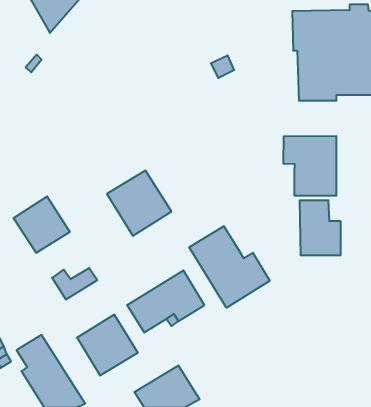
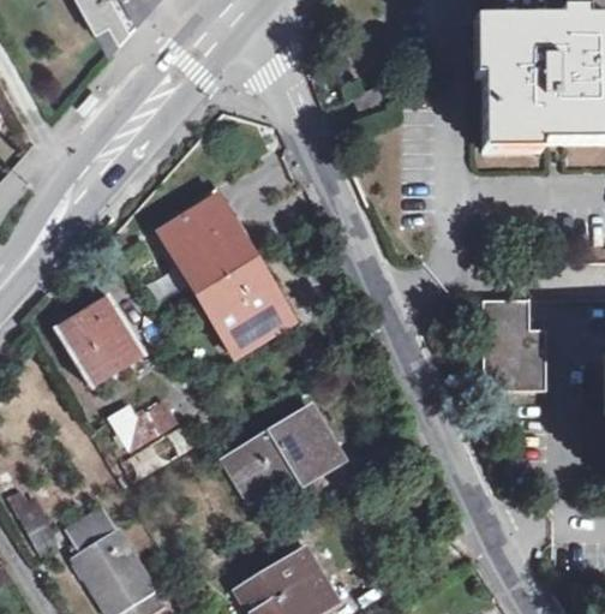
building: none -> [158,192,254,291]
building: [283,136,336,196] -> none
building: [189,226,270,308] -> none
building: [77,314,138,376] -> none

